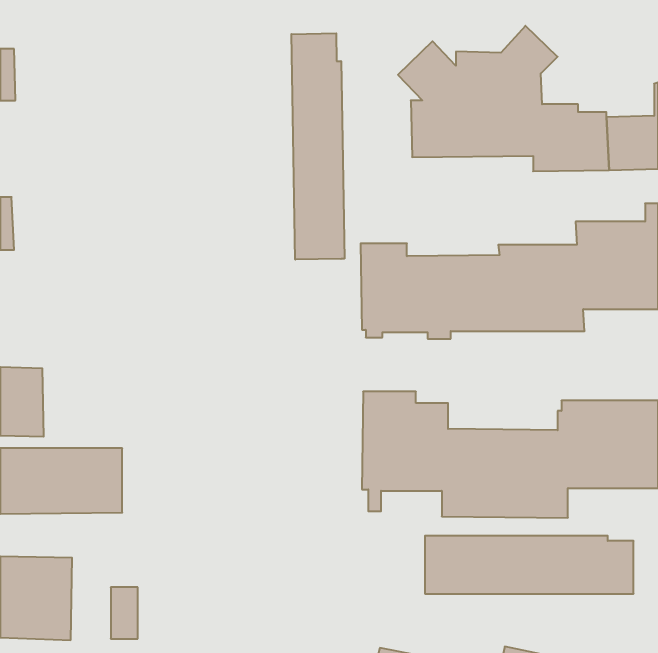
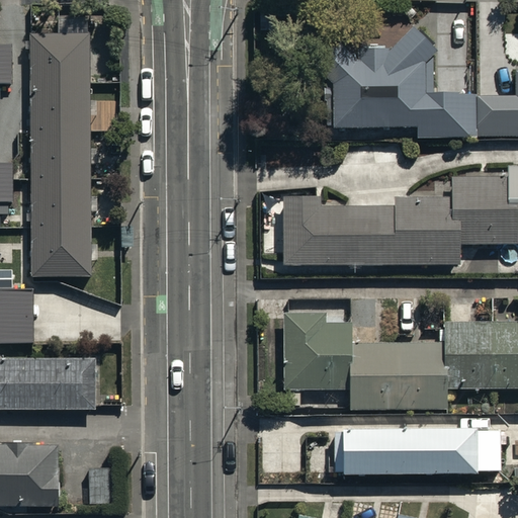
building: [291,33,344,260] -> none
building: none -> [32,40,93,282]

